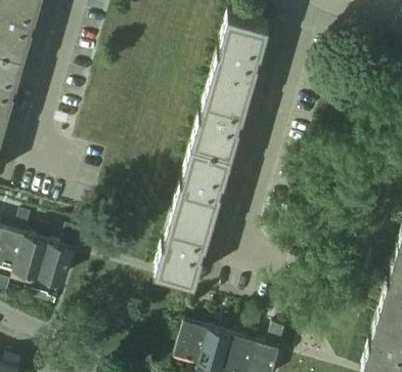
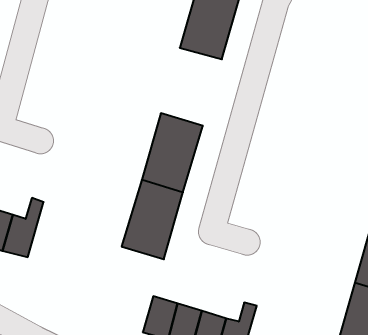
building: [192,80,252,156] -> none

